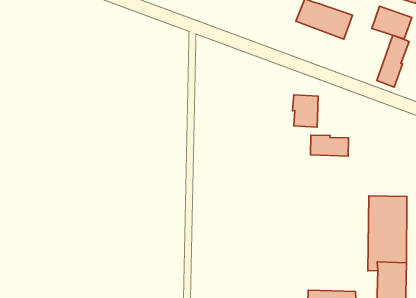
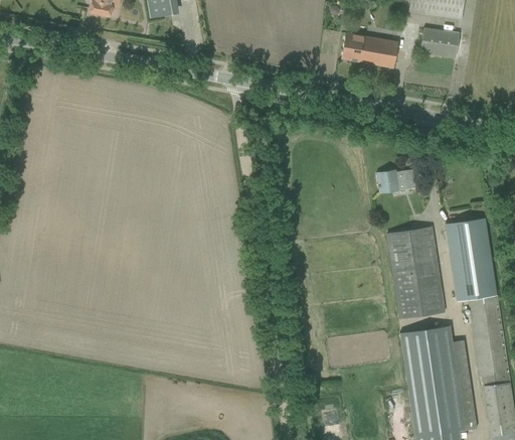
building: [377,35,409,87] -> none
building: [293,95,318,127] -> none
building: none -> [386,226,446,318]

